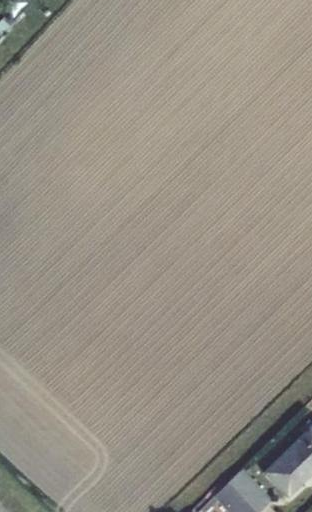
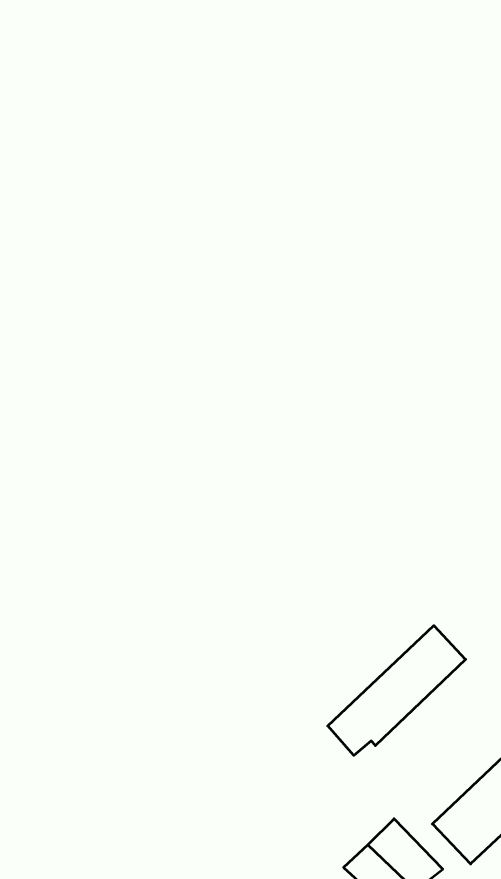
building: none -> [328,626,466,755]

